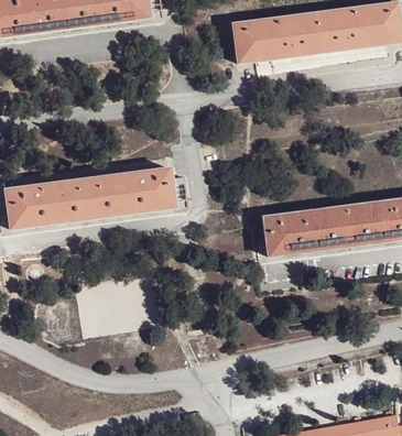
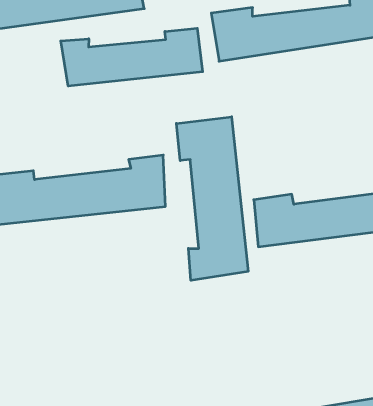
building: none -> [61,28,203,86]
building: none -> [176,117,248,280]

